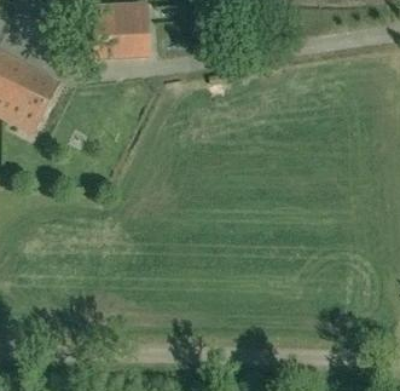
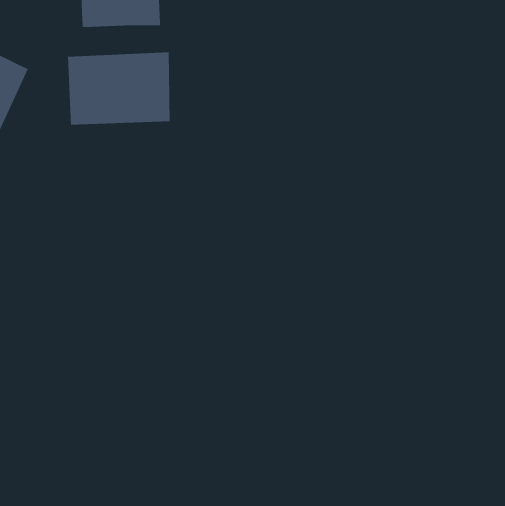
building: none -> [67,52,170,126]

